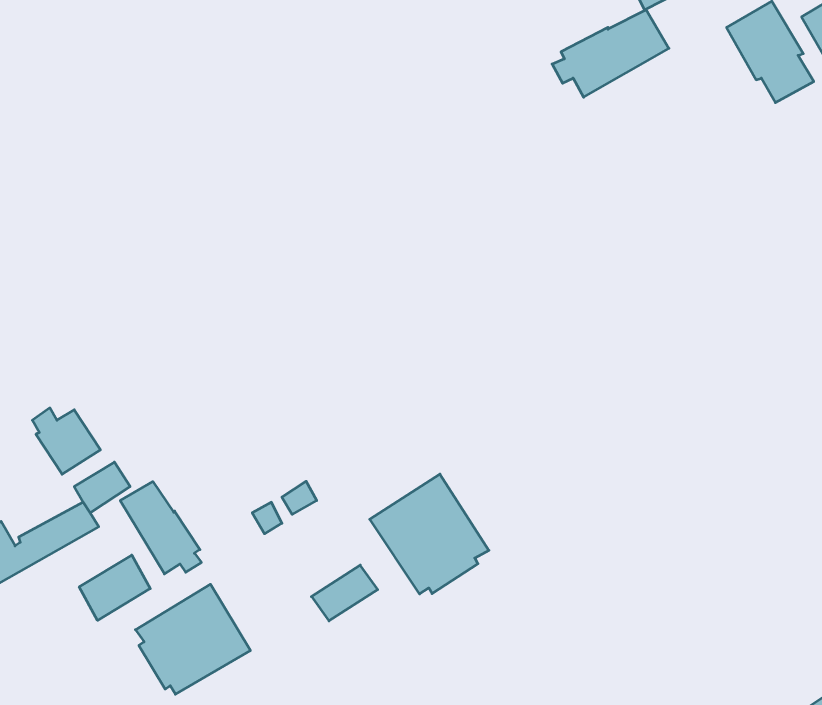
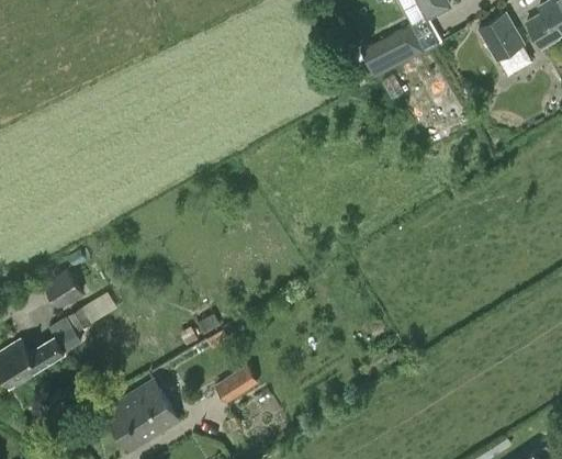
building: [370,474,489,594] -> none
building: [120,482,201,574] -> none
building: [79,555,150,620] -> none

